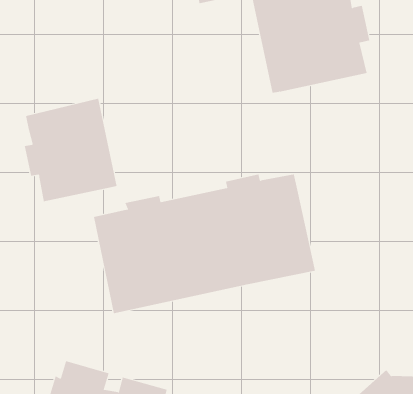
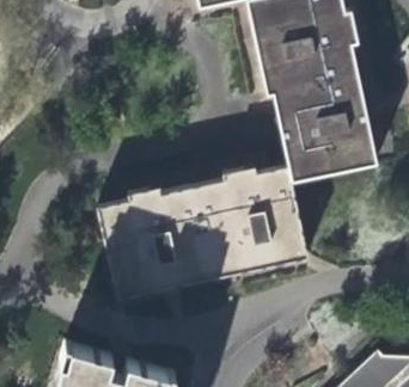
building: none -> [274,70,378,182]
building: [24,98,117,202] -> none

